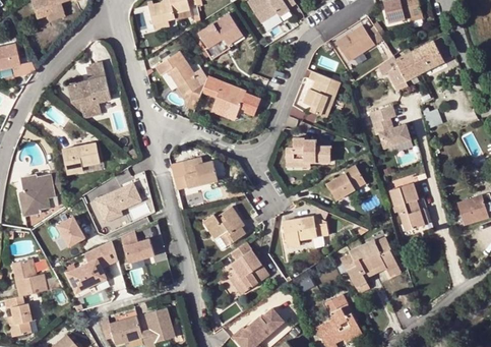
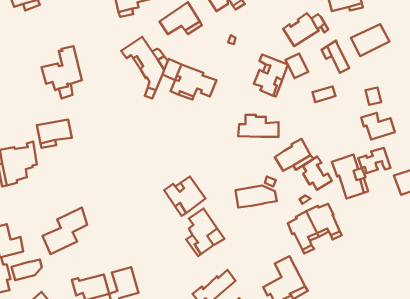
building: [394,52,420,79] -> [285,53,308,78]
building: [370,118,408,148] -> [361,113,395,139]
building: [181,160,217,187] -> none
building: none -> [358,148,390,173]
building: none -> [303,156,332,190]
building: [94,184,140,222] -> none
building: [57,216,84,246] -> none
building: [121,229,155,262] -> none
building: none -> [12,259,42,280]

